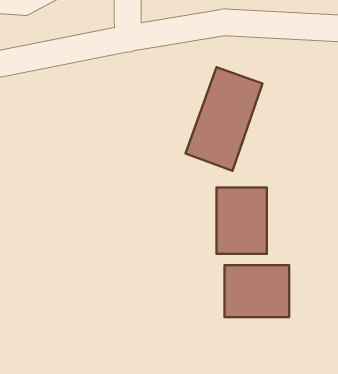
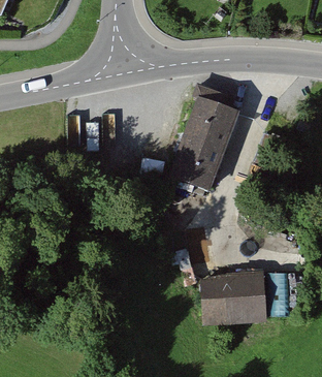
building: [216,188,267,254] -> none

